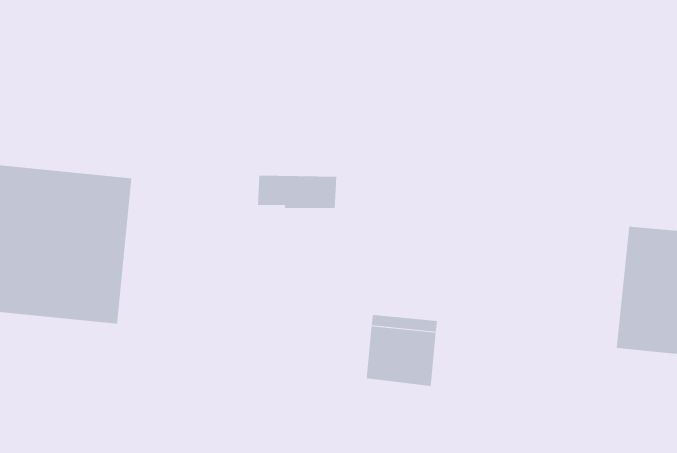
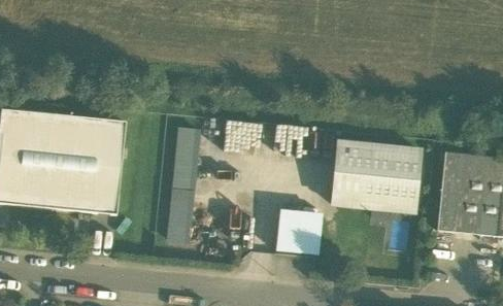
building: none -> [166,126,197,239]
building: none -> [331,142,420,212]

